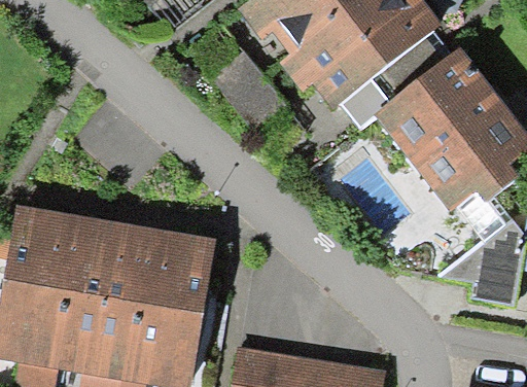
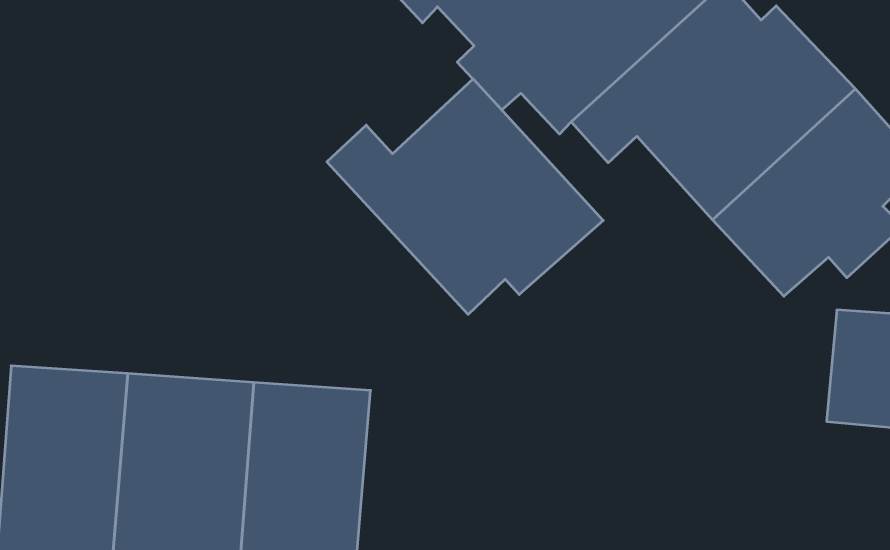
building: none -> [327,79,603,314]

